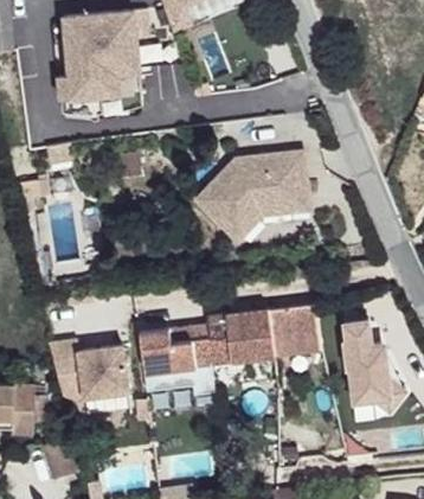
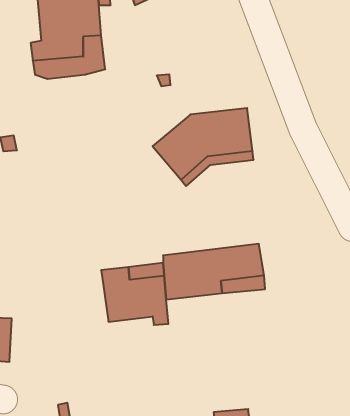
building: [343,320,405,412] -> none
building: [49,339,128,399] -> none

